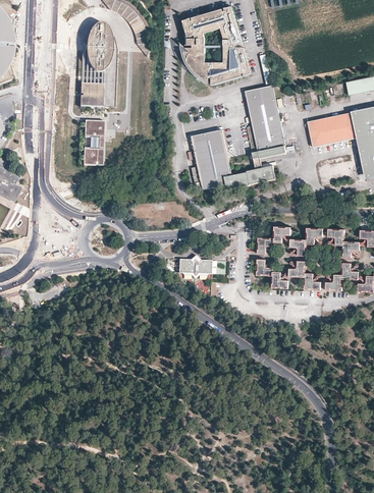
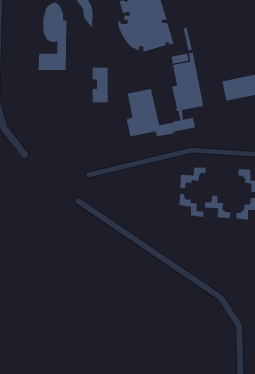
building: [86,121,106,166] -> [92,67,108,103]
building: [287,227,321,256] -> none
building: [177,259,213,277] -> none

